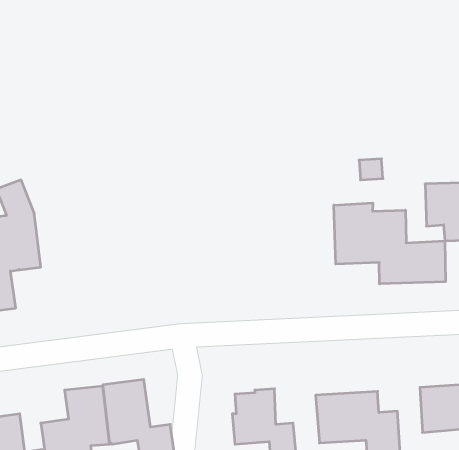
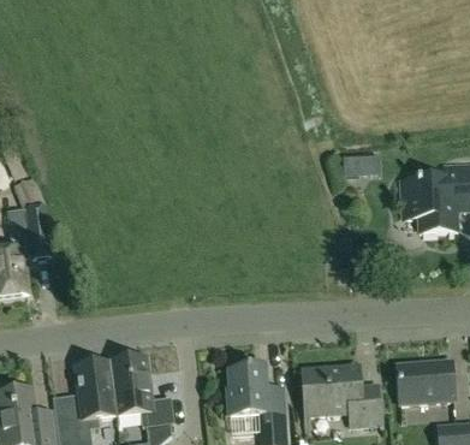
building: [334,203,445,284] -> none

